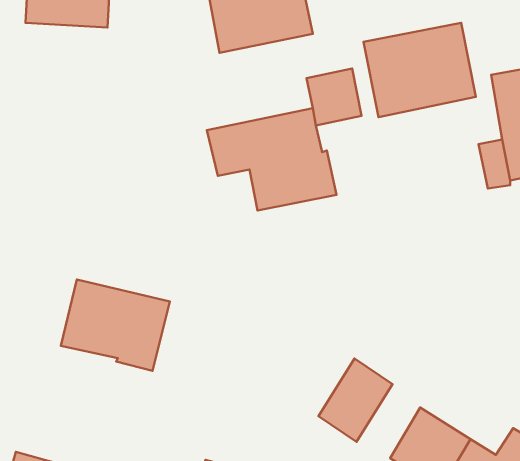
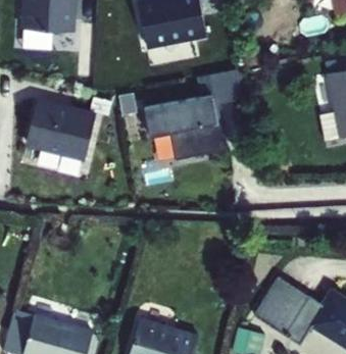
building: [364,23,476,117] -> none
building: [61,279,170,371] -> [26,110,96,169]
building: [319,359,393,442] -> none

